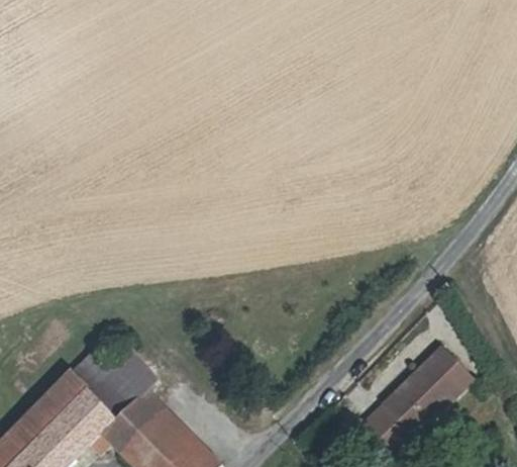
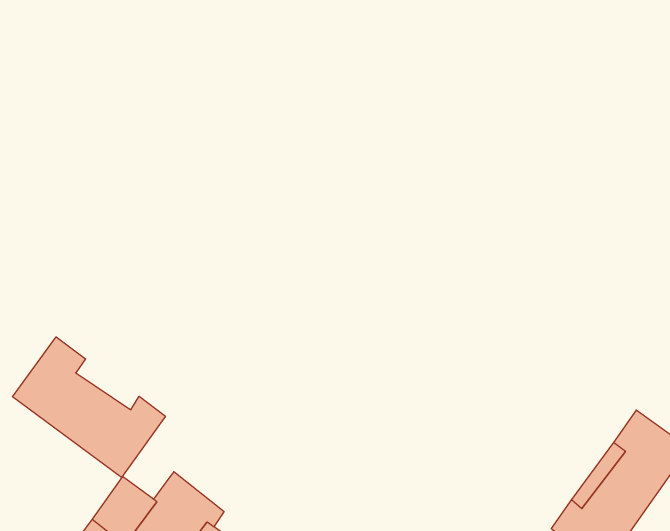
building: none -> [12,337,165,477]

